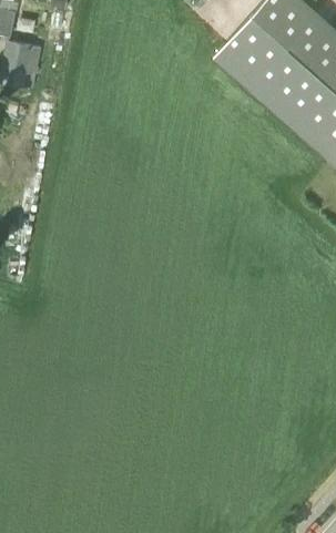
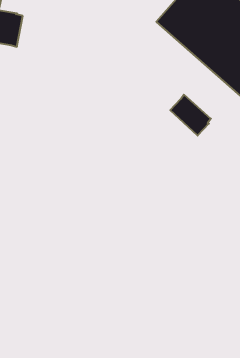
building: none -> [170,95,211,136]

